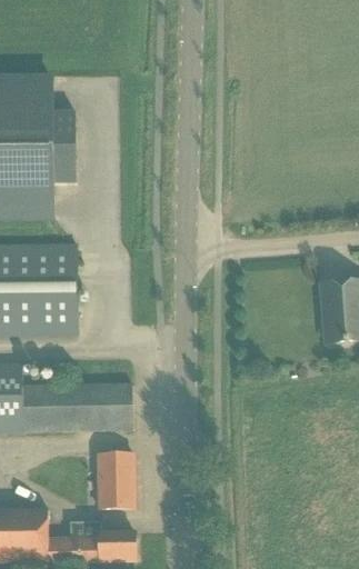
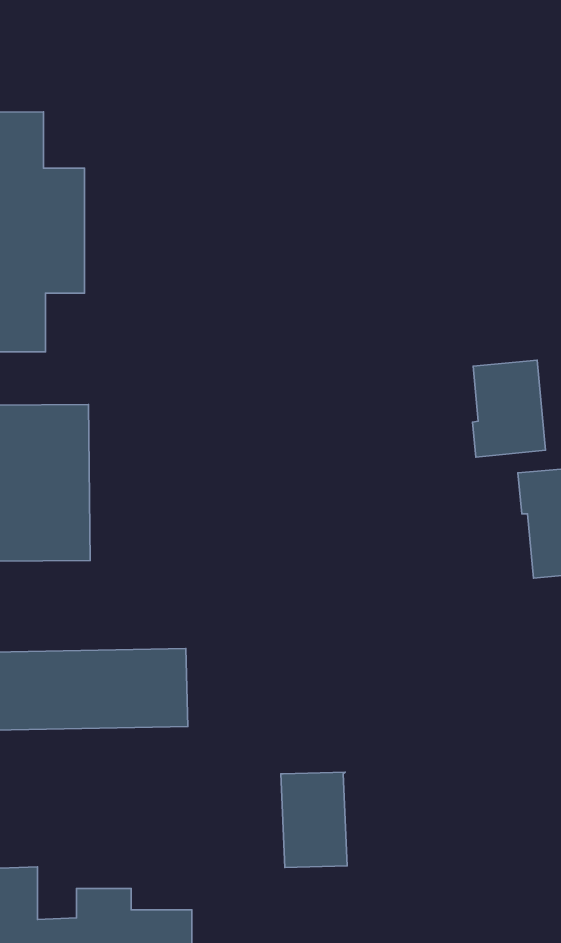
building: none -> [473,360,545,457]
building: [97,453,134,508] -> [281,772,347,868]

